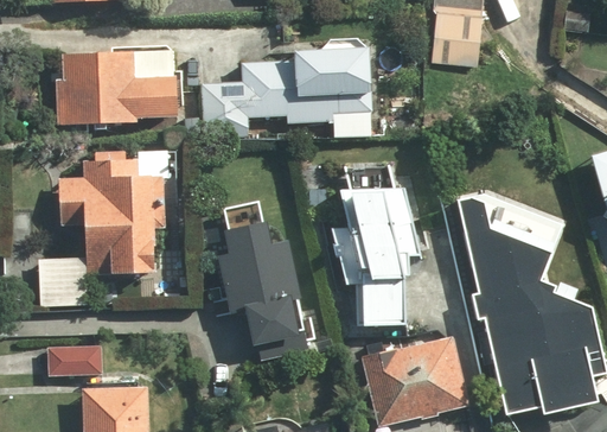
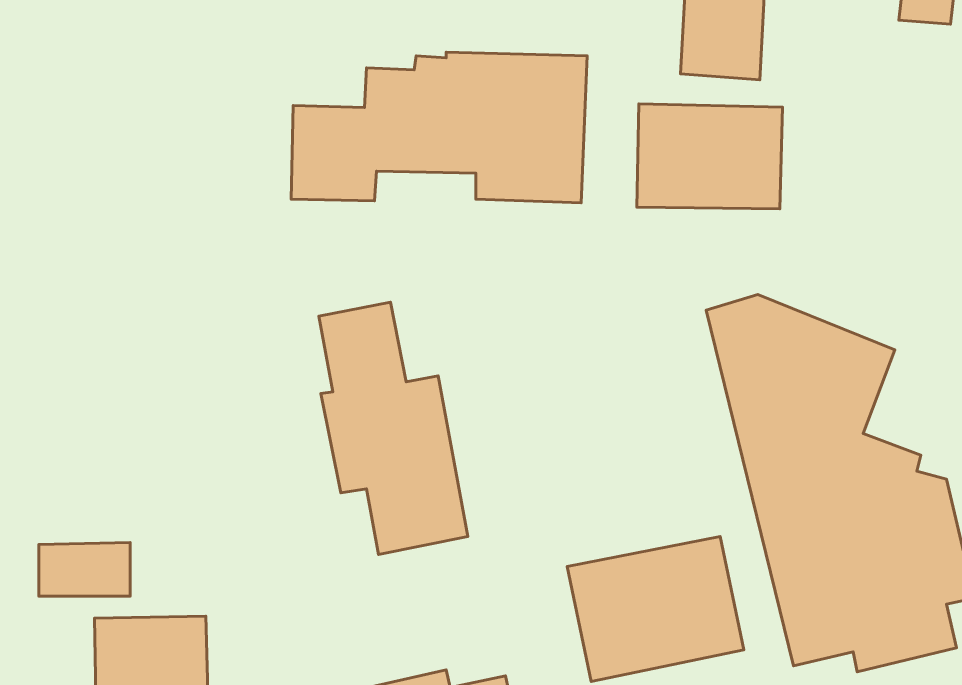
building: [57,49,175,126] -> none
building: none -> [637,104,782,209]
building: [39,150,166,306] -> none
building: [327,190,421,325] -> none

